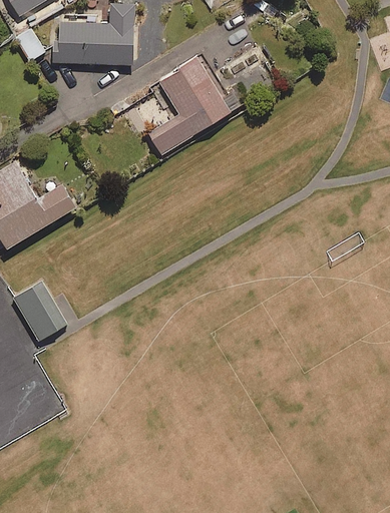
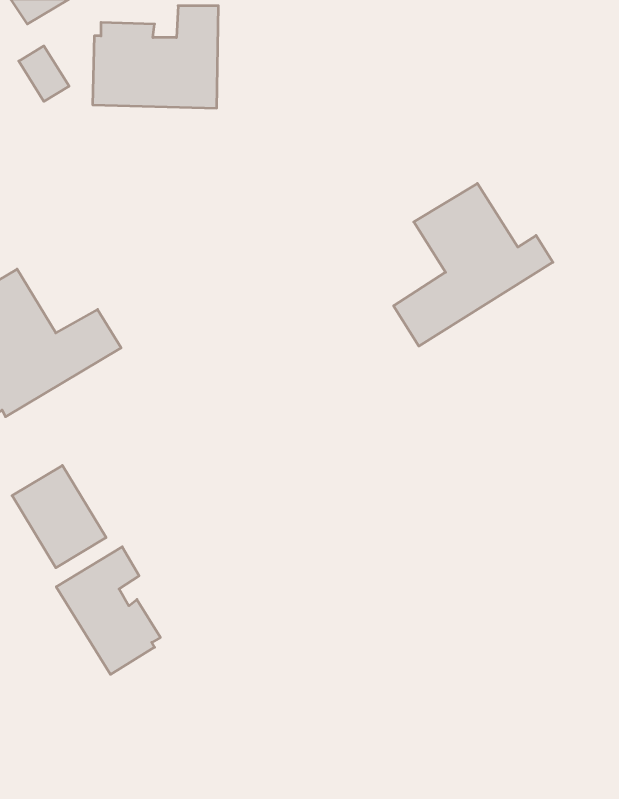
building: [146,58,242,155] -> [394,183,553,346]
building: none -> [56,547,160,674]

